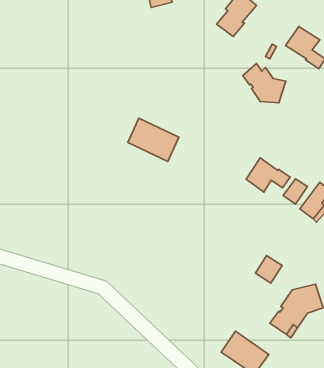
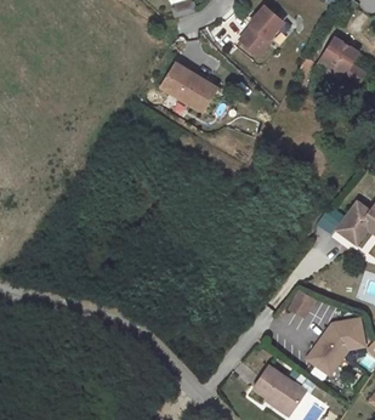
building: [243,63,286,103] -> none
building: [128,118,179,161] -> [158,62,214,109]
building: [246,158,290,192] -> none

